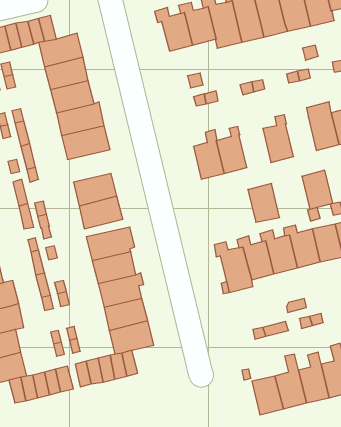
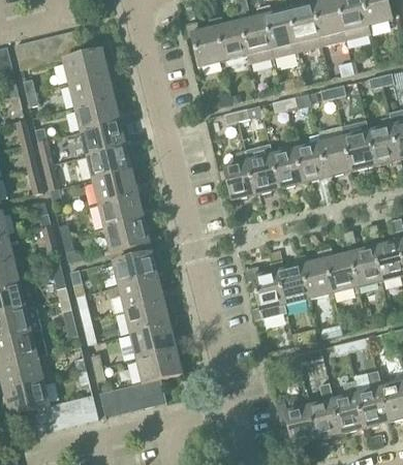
building: none -> [92,170,137,204]
building: [302,170,333,209] -> [319,136,351,177]
building: [248,184,280,222] -> [271,148,304,188]

